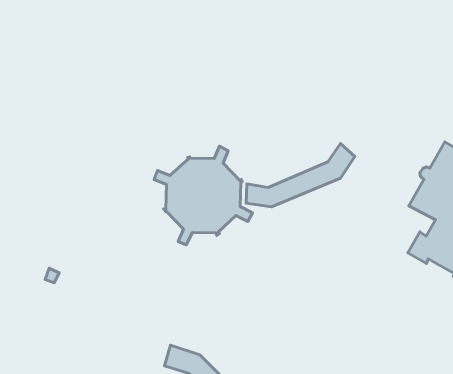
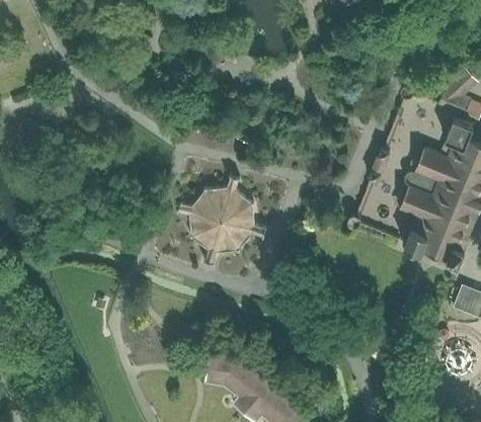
building: [246,144,355,207] -> none

